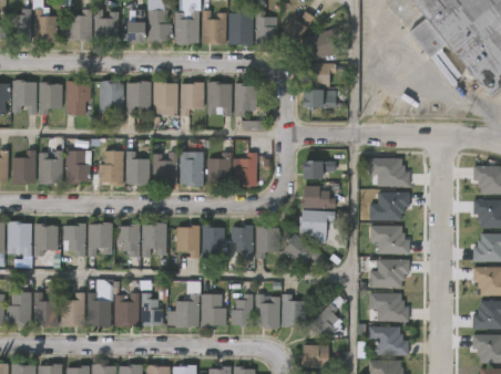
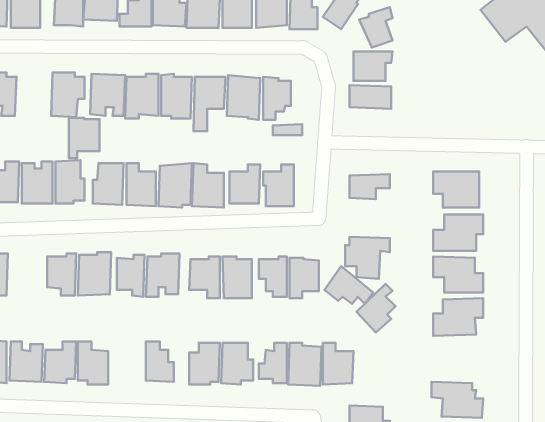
building: [40,83,64,115] -> [69,118,99,158]
building: [305,186,336,208] -> none
building: [33,224,58,258] -> none
building: [113,293,140,326] -> none
building: [369,293,406,322] -> none
building: [308,303,339,342] -> [356,284,395,333]

